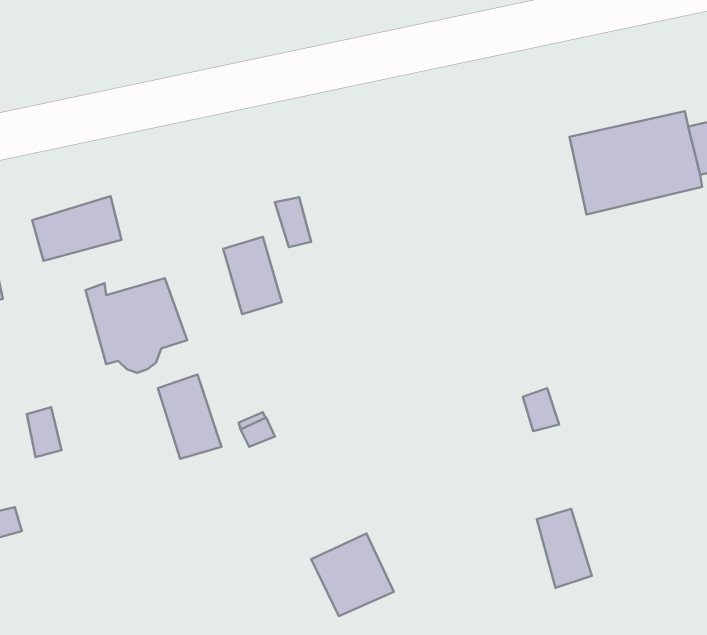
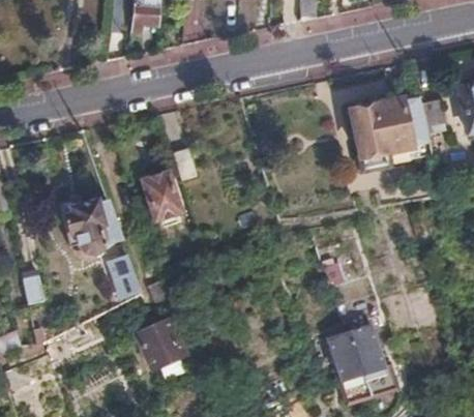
building: [32,196,121,261] -> none
building: none -> [351,328,384,376]
building: [311,533,394,616] -> [137,320,186,369]

